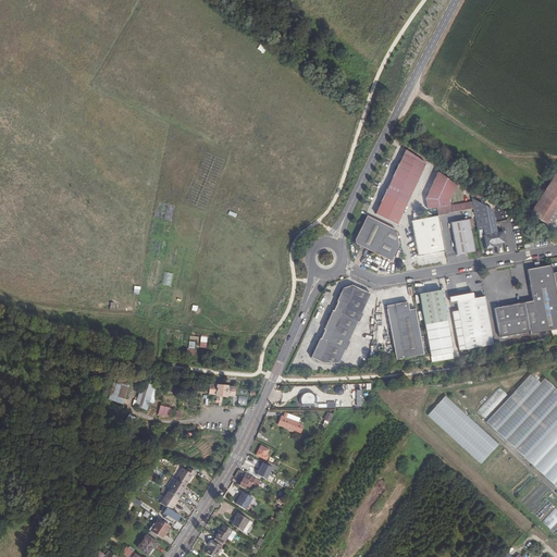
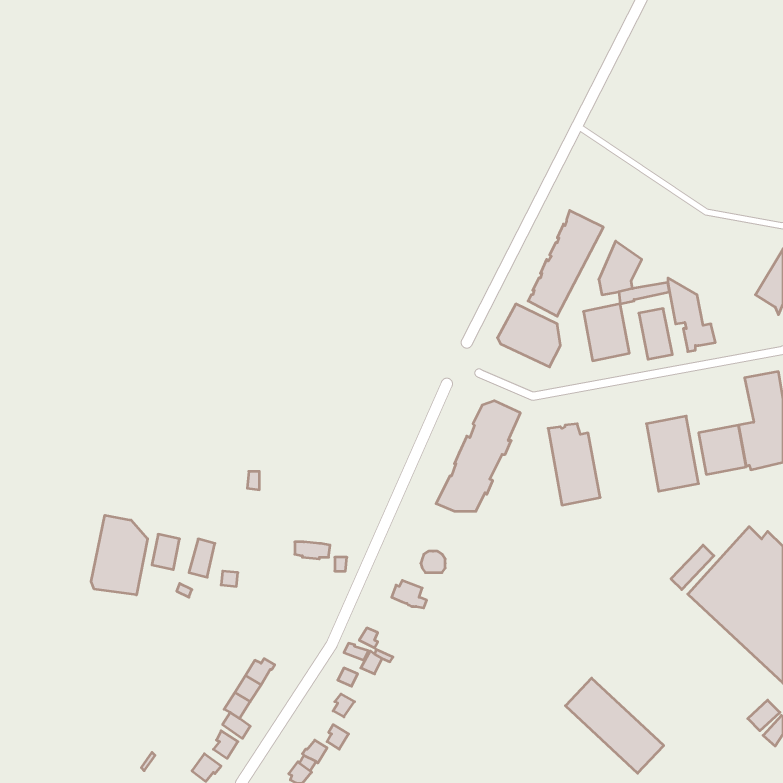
building: [421,288,454,355] -> none
building: none -> [91,515,148,595]
building: [428,395,497,462] -> [565,678,664,773]

